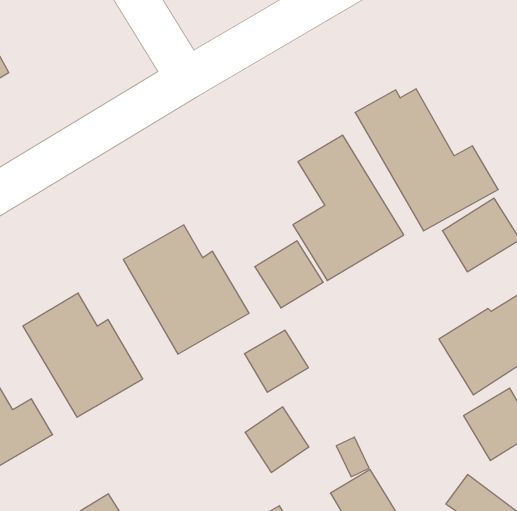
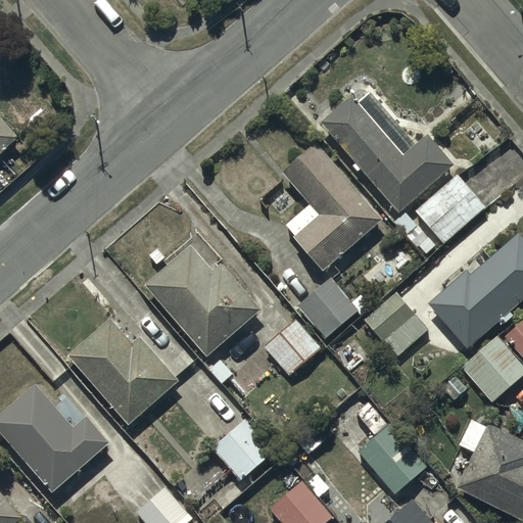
building: [255,241,323,308] -> [297,278,359,338]
building: none -> [366,293,427,355]
building: [245,407,309,472] -> [212,422,270,480]

